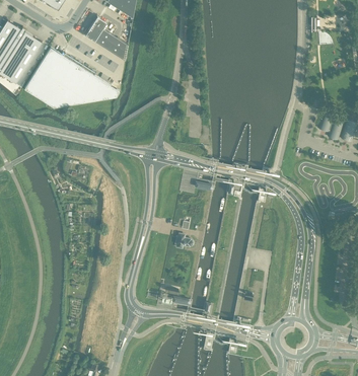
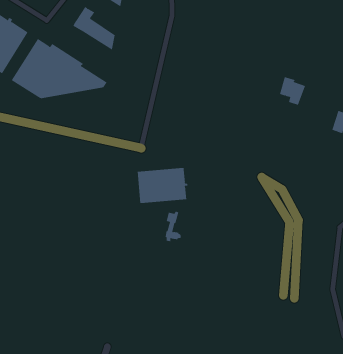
building: [317,111,344,140] -> [279,77,306,105]
building: none -> [137,166,188,204]

